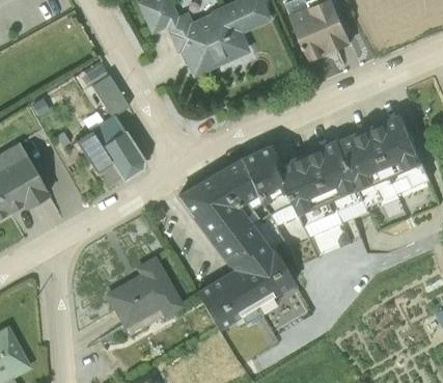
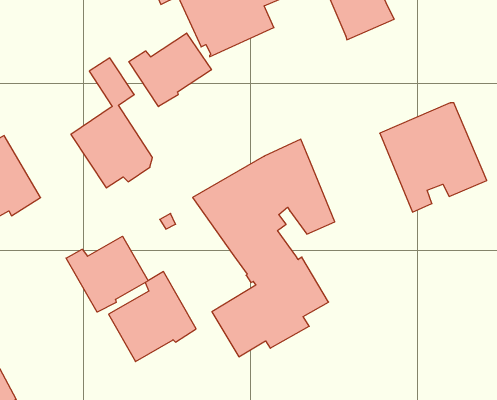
building: none -> [129,33,211,107]
building: [279,140,368,238] -> none
building: none -> [66,236,148,312]

